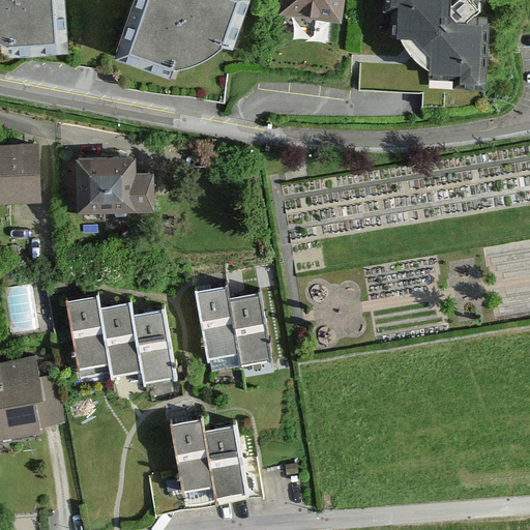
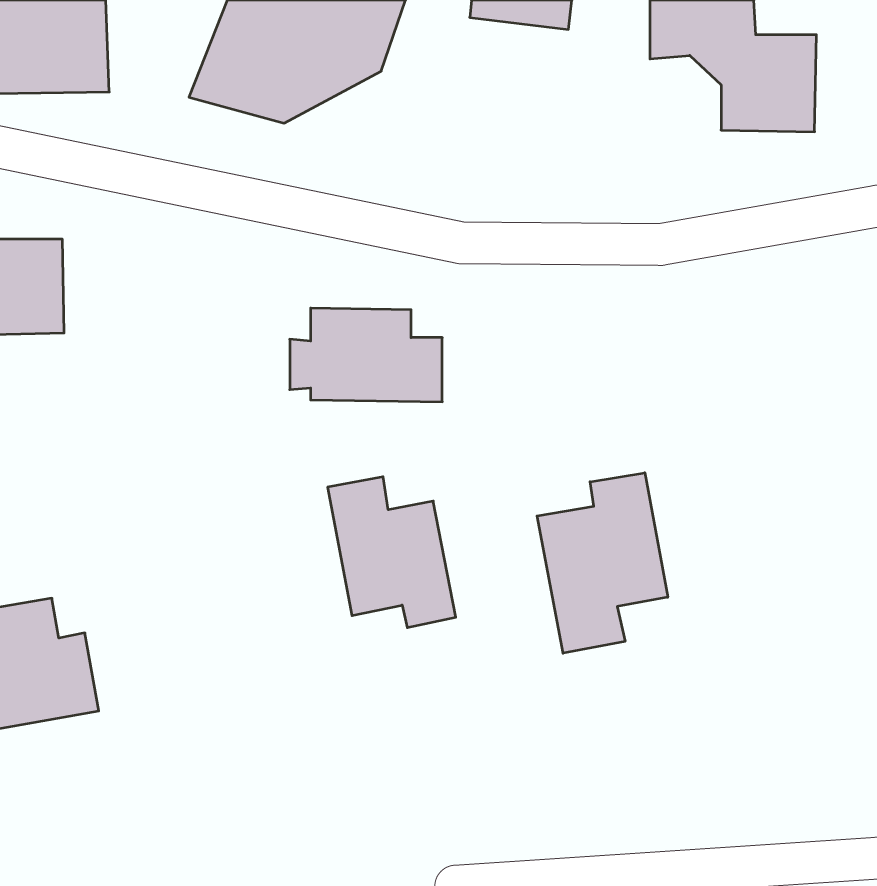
building: [62,156,153,212] -> [290,308,442,402]
building: none -> [537,473,668,653]
building: [67,294,172,384] -> none
building: [168,416,244,501] -> none

